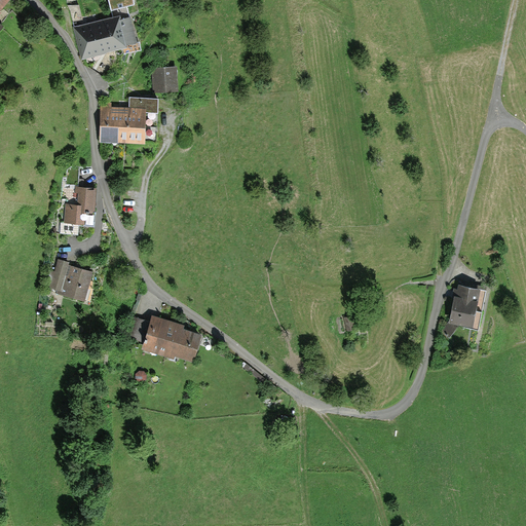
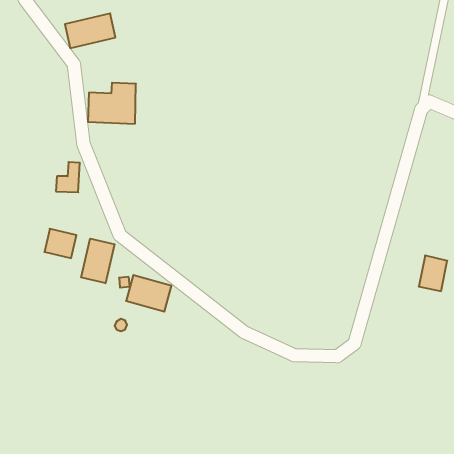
building: [152,66,176,88] -> none
building: none -> [81,239,115,283]
building: [451,287,484,328] -> [419,255,447,291]

